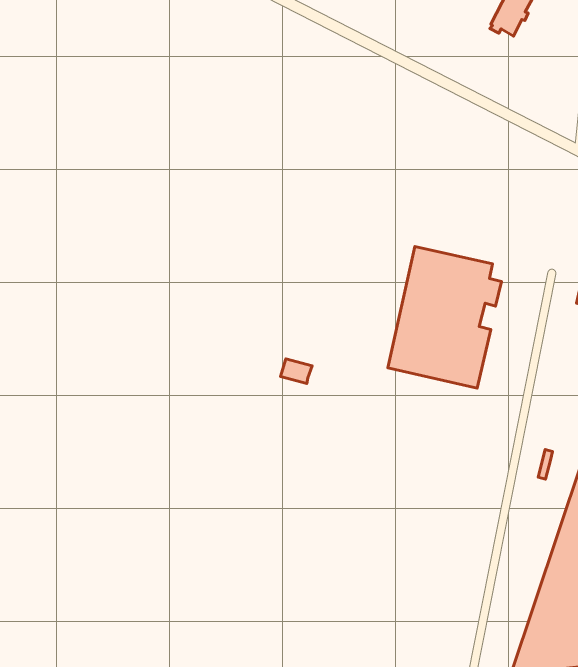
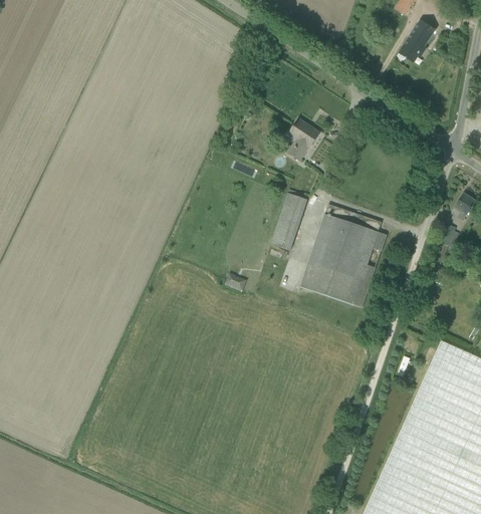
building: none -> [288,120,320,162]
building: none -> [271,195,307,252]

